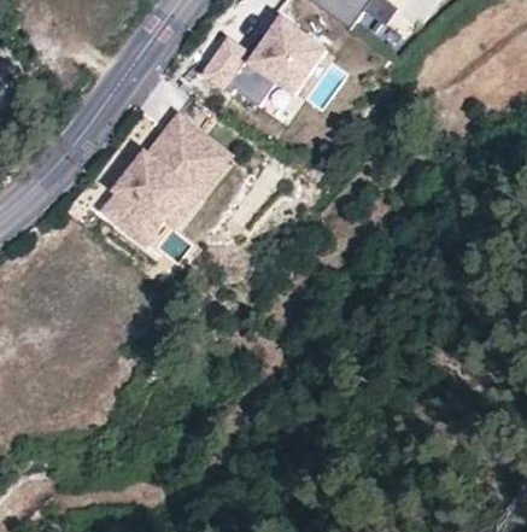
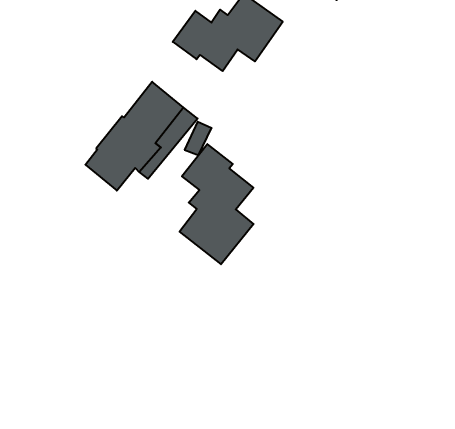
building: none -> [180,144,254,264]

